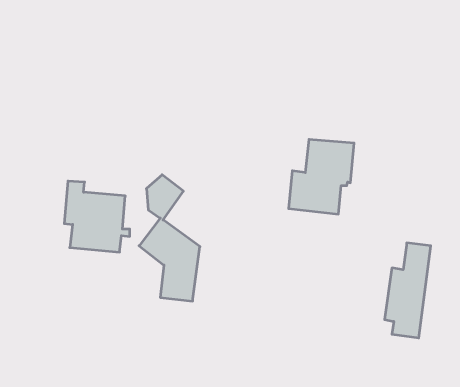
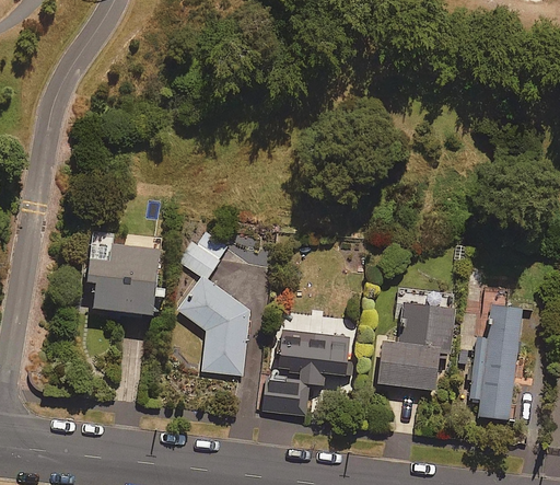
building: [289,139,354,214] -> [377,303,455,392]
building: none -> [264,330,349,415]

